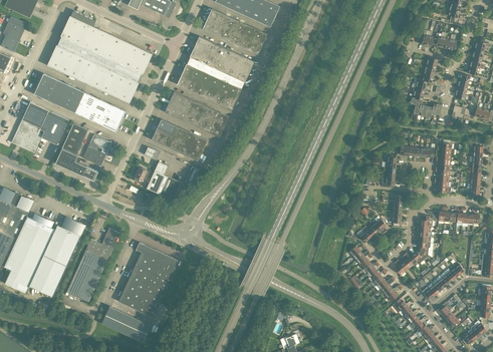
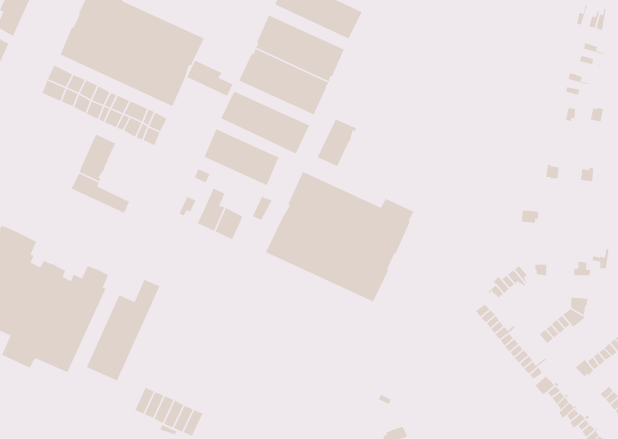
building: none -> [186,59,233,97]
building: [11,101,68,152] -> none
building: none -> [317,118,357,167]
building: [81,133,110,165] -> none
building: none -> [265,171,415,302]
building: [117,242,177,317] -> none

